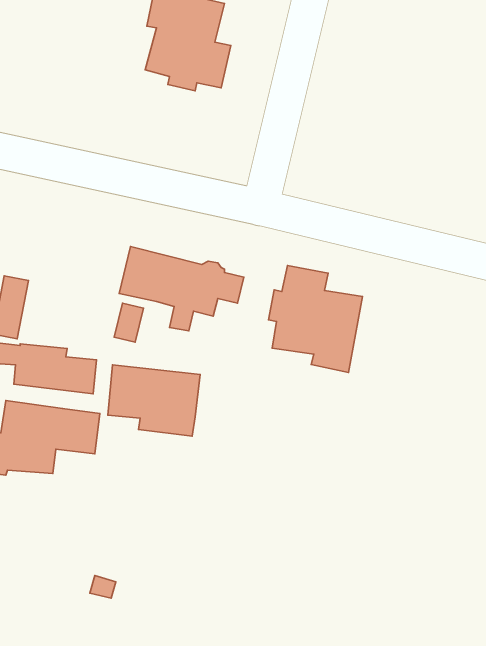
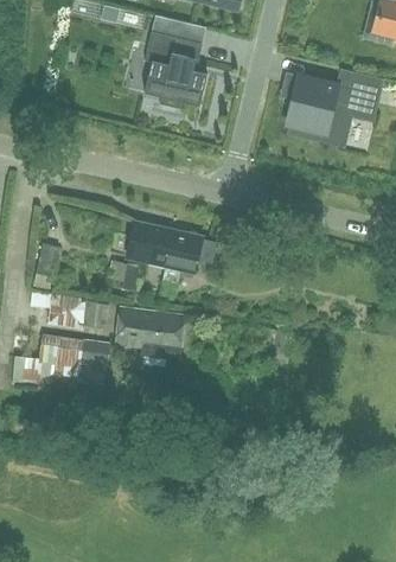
building: none -> [282,71,379,145]
building: [269,265,362,372] -> none

